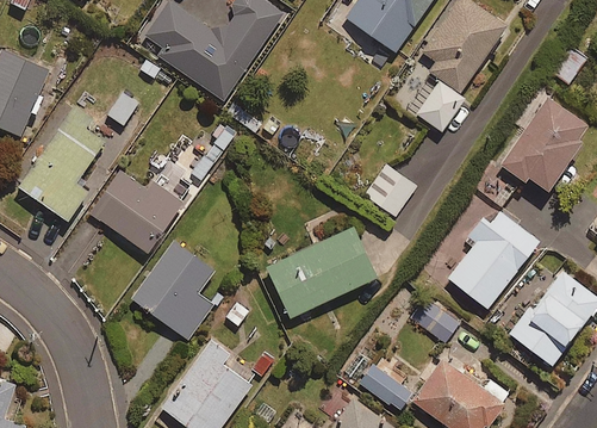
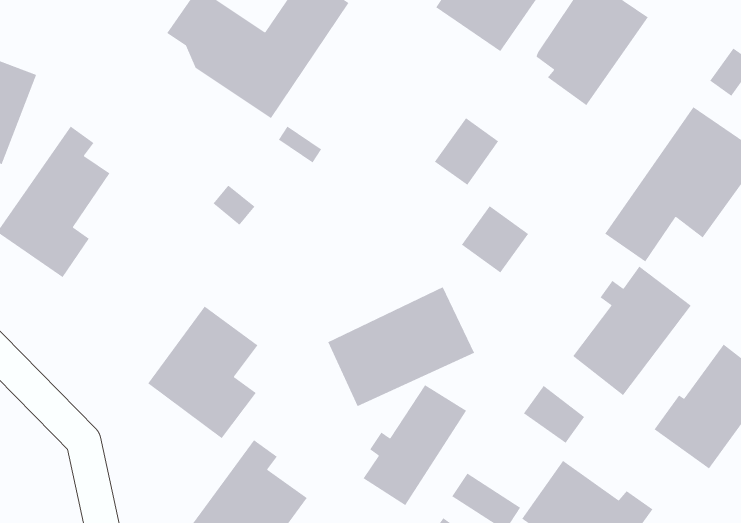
building: [416,81,465,132] -> [434,117,499,186]
building: [91,172,181,253] -> none
building: none -> [363,384,467,506]

